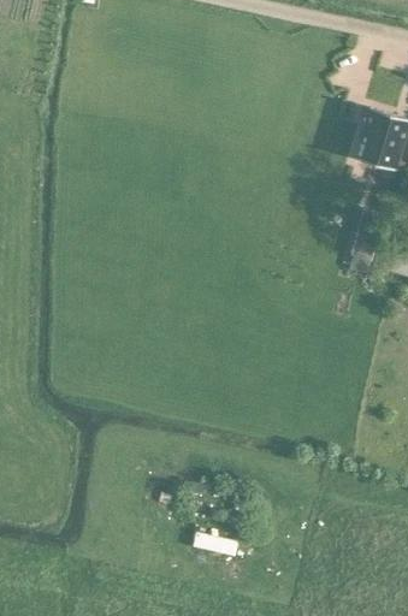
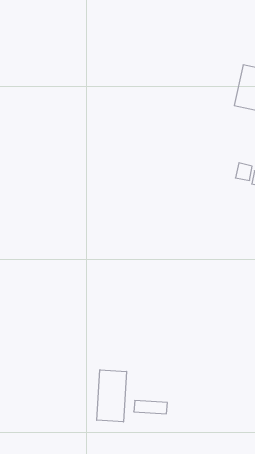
building: none -> [97,370,127,422]

